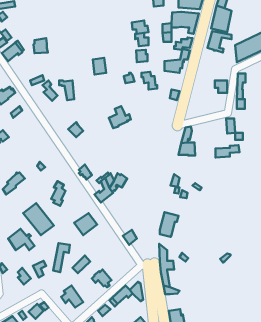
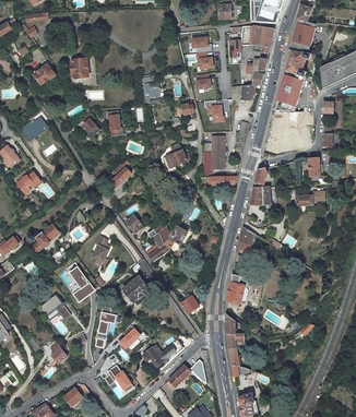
building: none -> [273,74,299,105]
building: none -> [202,135,224,175]

